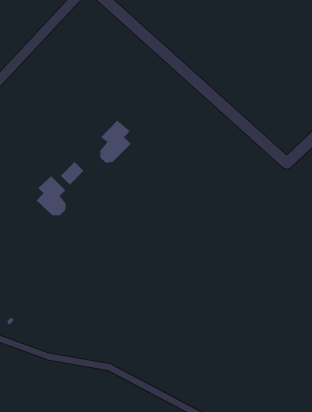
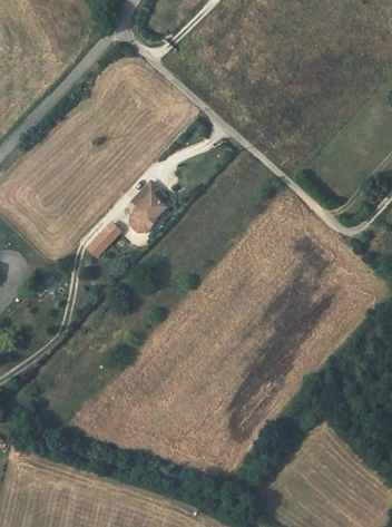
building: [36,176,66,216] -> none

